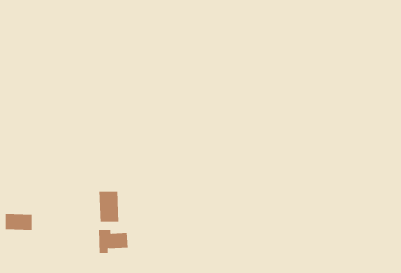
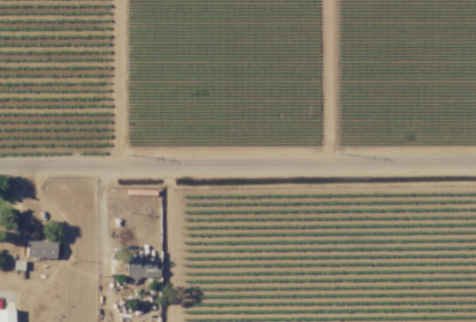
building: [99,191,119,223] -> none

